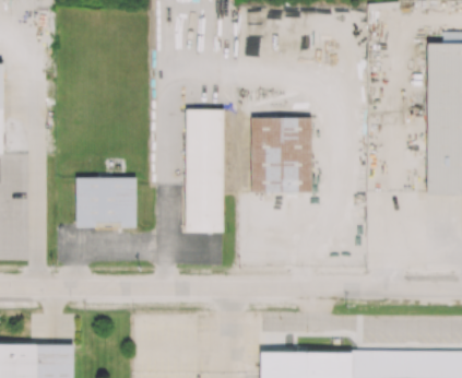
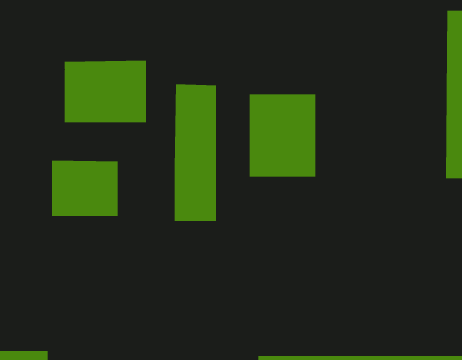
building: none -> [64,60,146,123]

